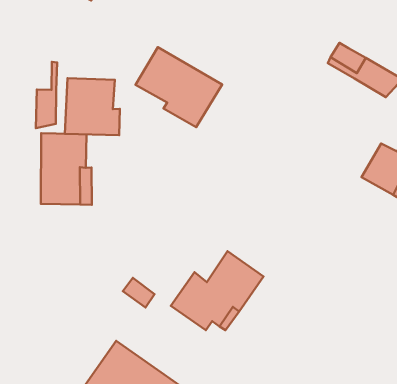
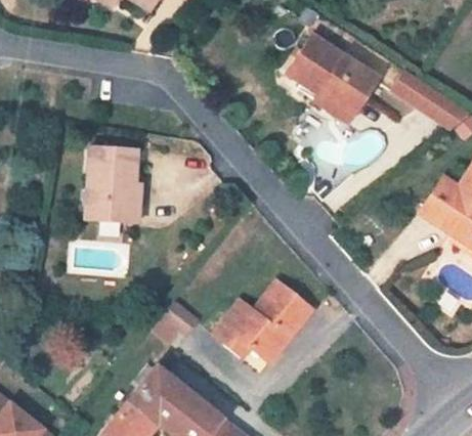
building: [136,47,222,127] -> [287,35,377,121]
building: [36,62,57,128] -> none
building: [65,78,120,135] -> none

